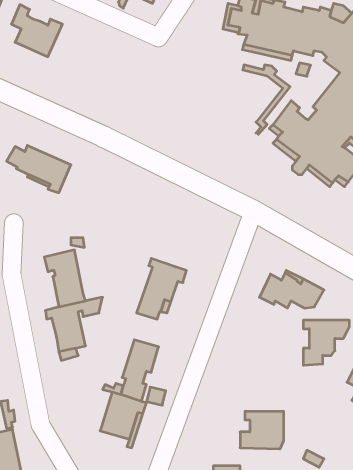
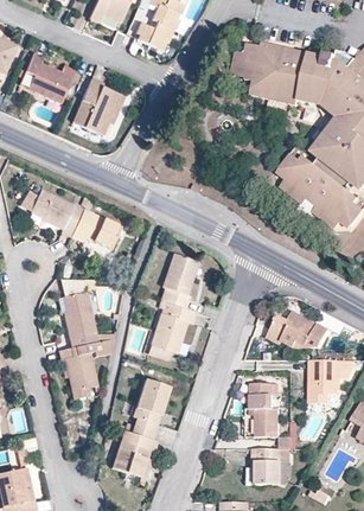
building: none -> [72,77,123,136]
building: [243,65,290,134] -> [299,96,345,164]
building: none -> [71,207,121,248]
building: none -> [161,253,194,307]
building: none -> [250,383,279,436]

